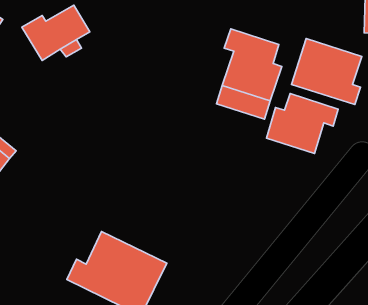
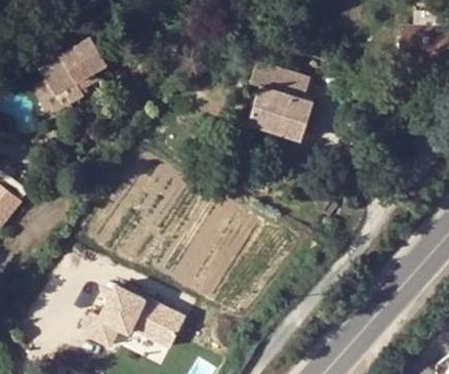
building: [291,38,362,105] -> none
building: [266,94,338,153] -> none

